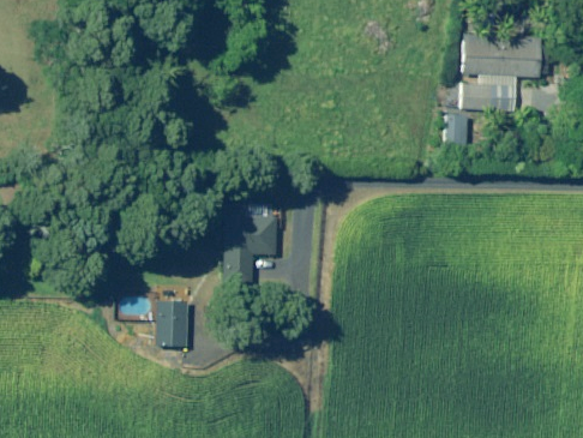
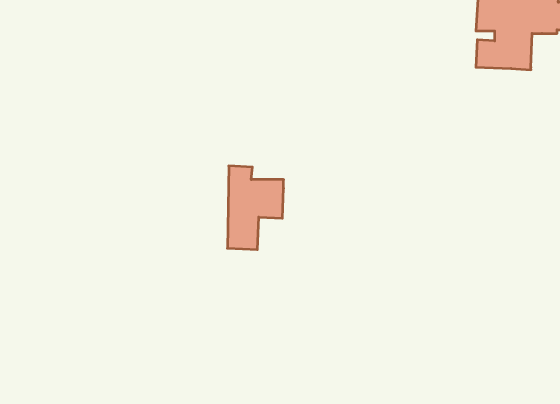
building: [445,115,467,146] -> none
building: [155,302,186,347] -> none

